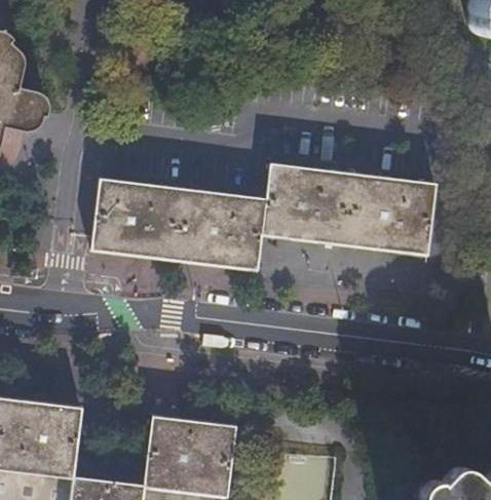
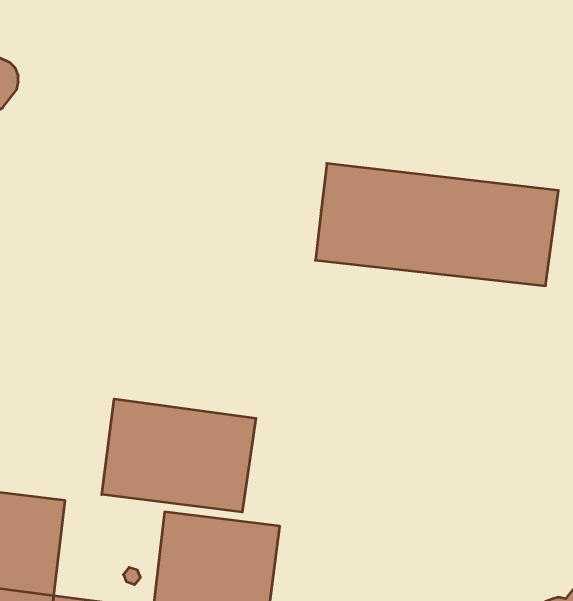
building: [90,180,265,270] -> none
building: none -> [102,399,256,512]

